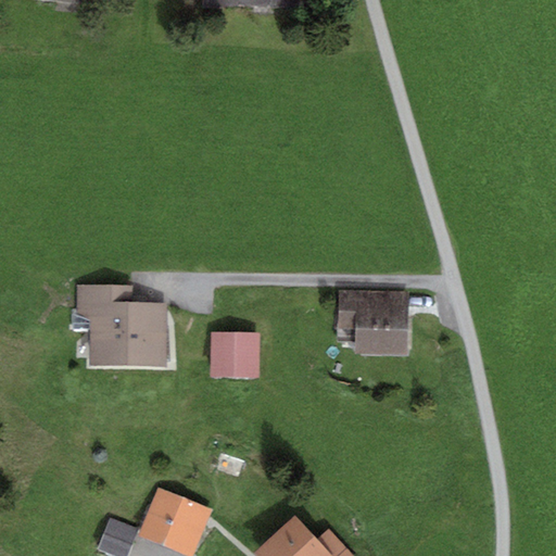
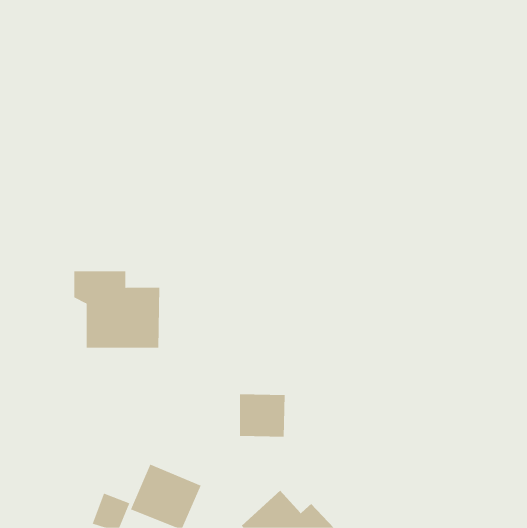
building: [339,292,408,356] -> none
building: [210,332,258,378] -> [239,394,286,437]

